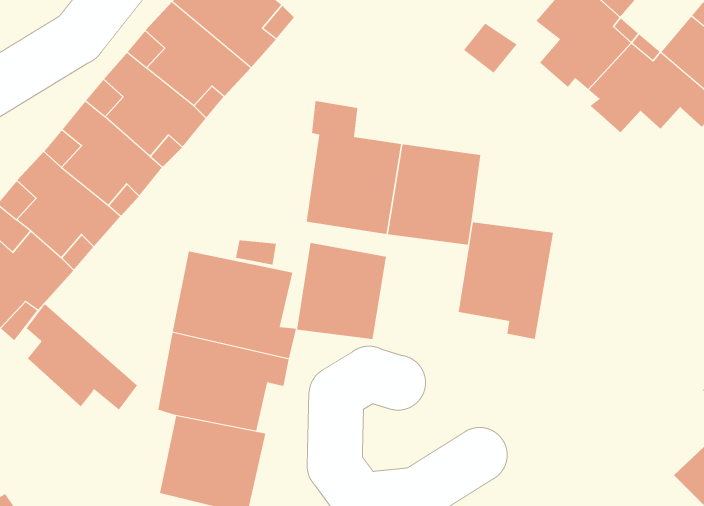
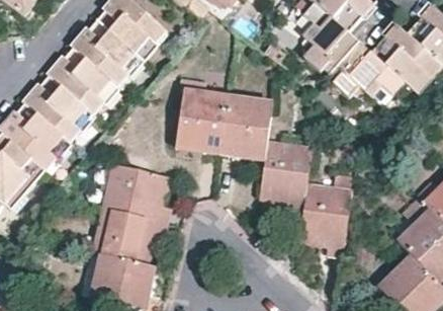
building: [297,242,387,340] -> none
building: none -> [299,182,352,253]
building: [26,303,138,411] -> none

